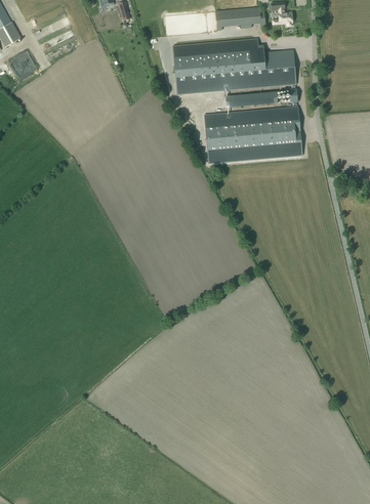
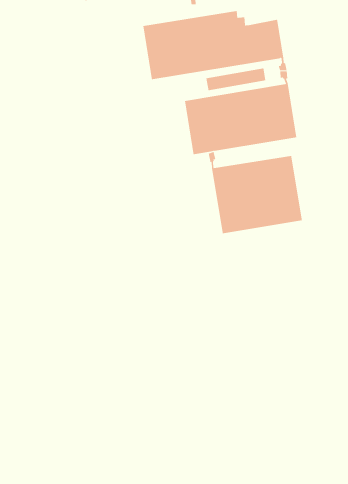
building: none -> [208,151,303,234]

